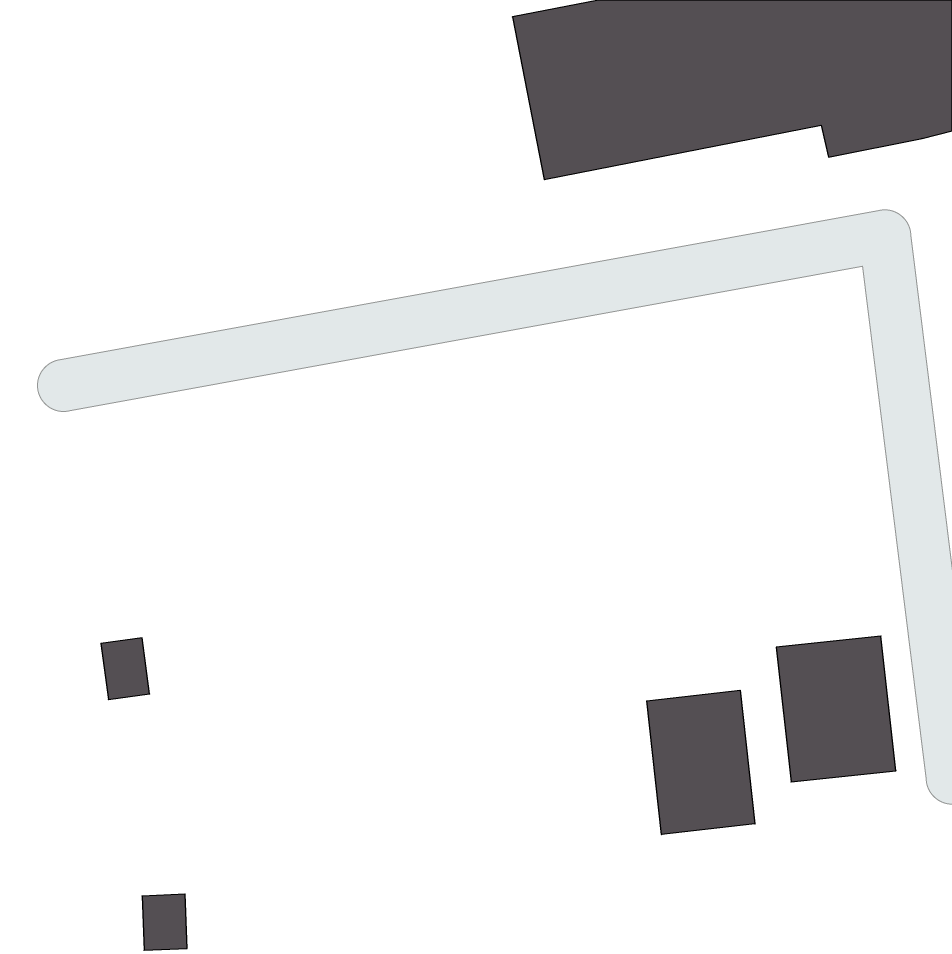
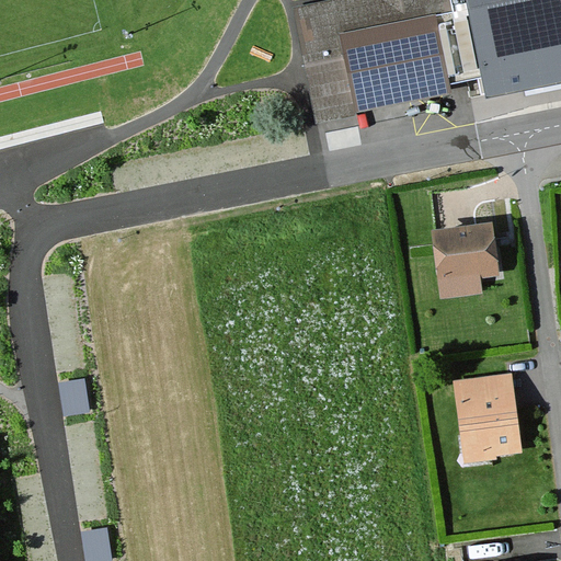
building: none -> [436,224,504,295]
building: [647,690,755,835] -> none

